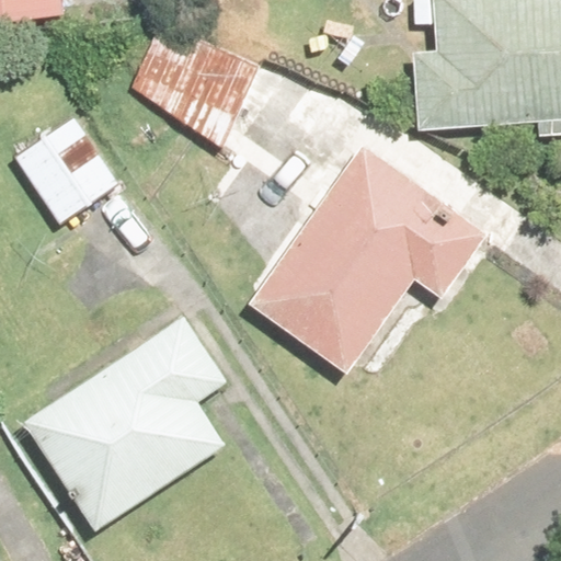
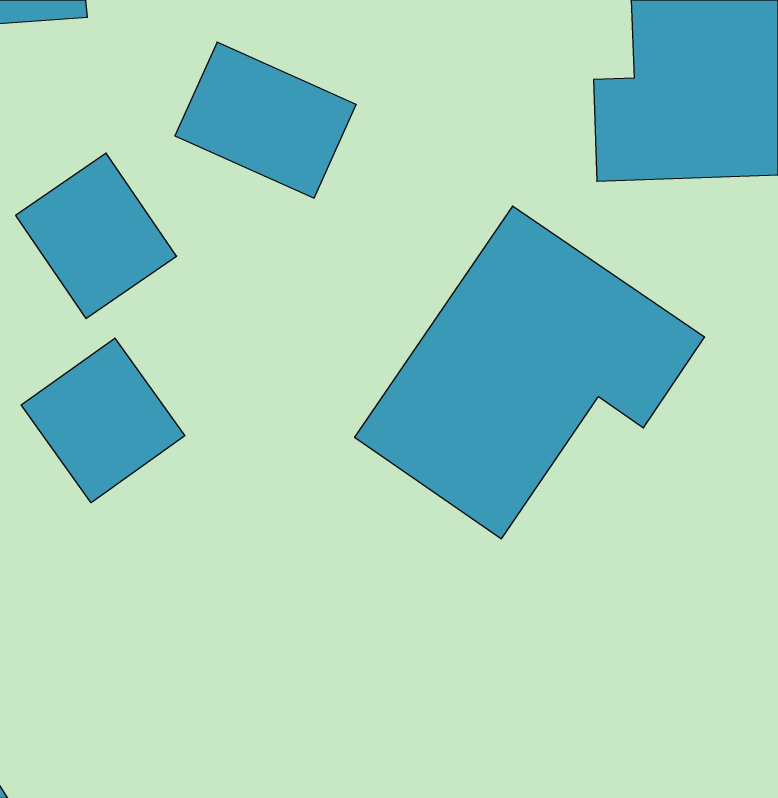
building: none -> [21,338,185,503]
building: [25,318,224,528] -> none

